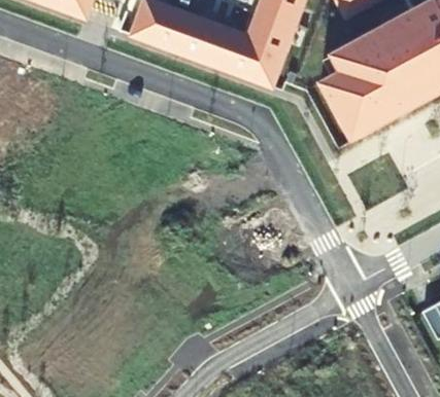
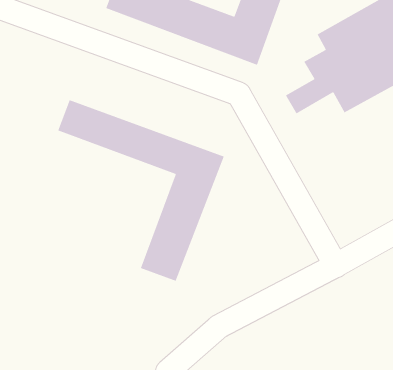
building: none -> [57,99,225,282]

